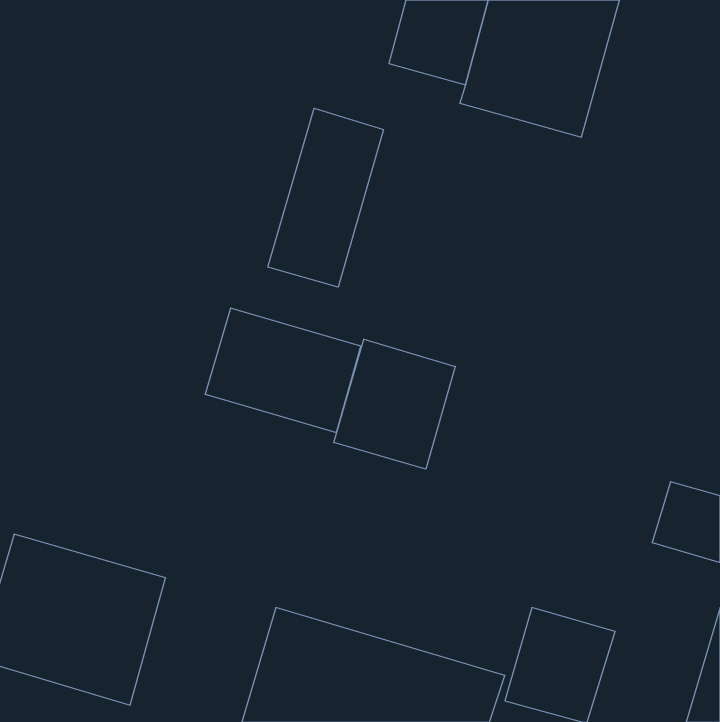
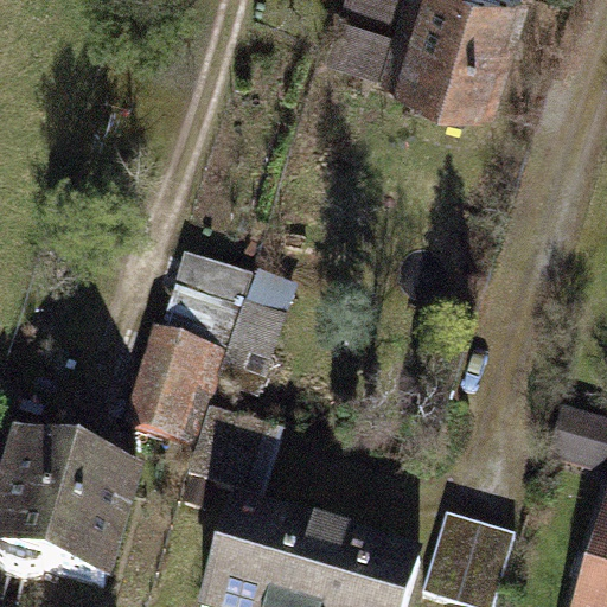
building: [268,108,384,287] -> none
building: [334,339,455,469] -> none
building: none -> [119,338,221,452]

